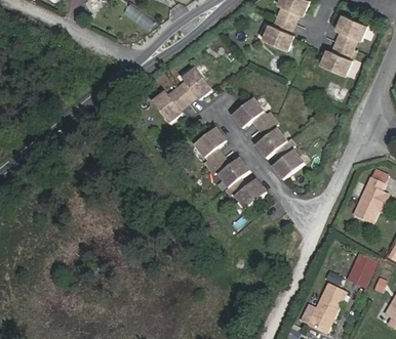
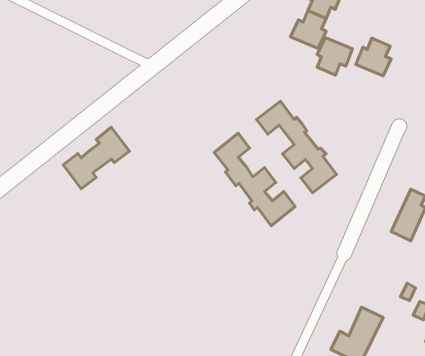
building: [335,15,367,49] -> [317,37,353,75]
building: [152,68,211,123] -> [63,127,129,189]

